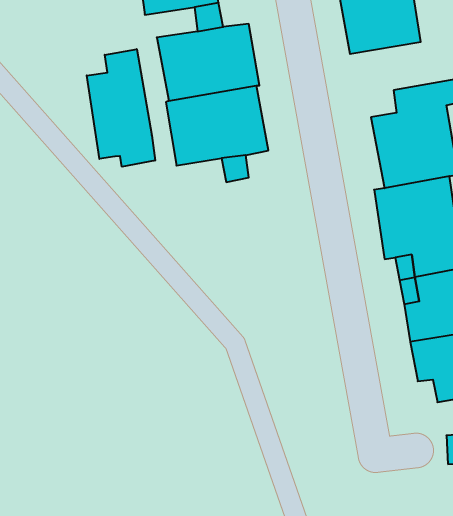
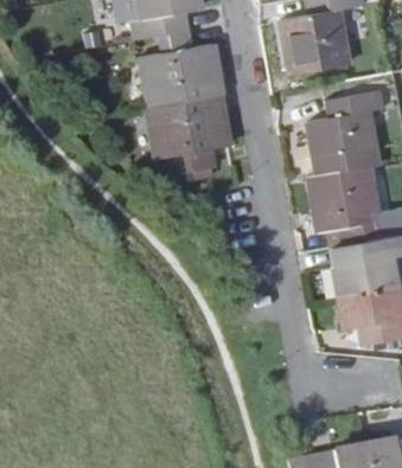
building: [87,49,155,167] -> none

